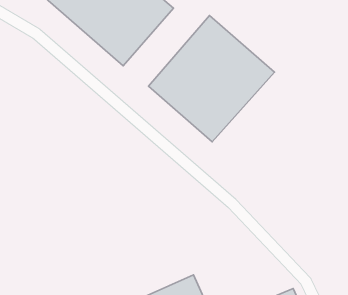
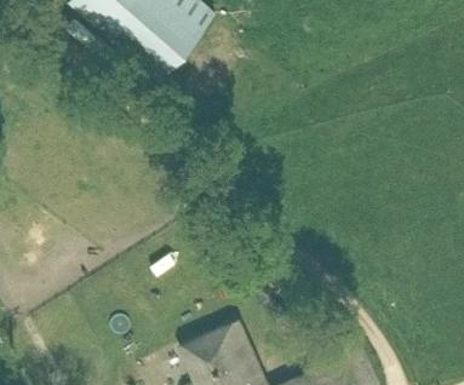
building: [148,15,275,142] -> none

